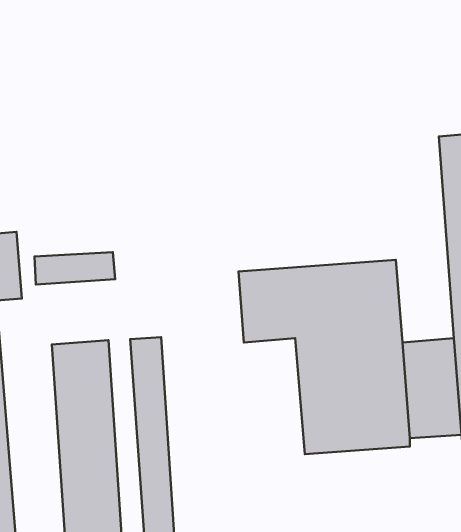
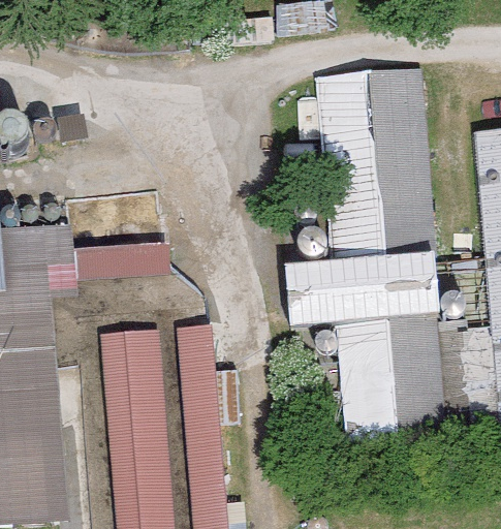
building: none -> [319,70,434,248]

